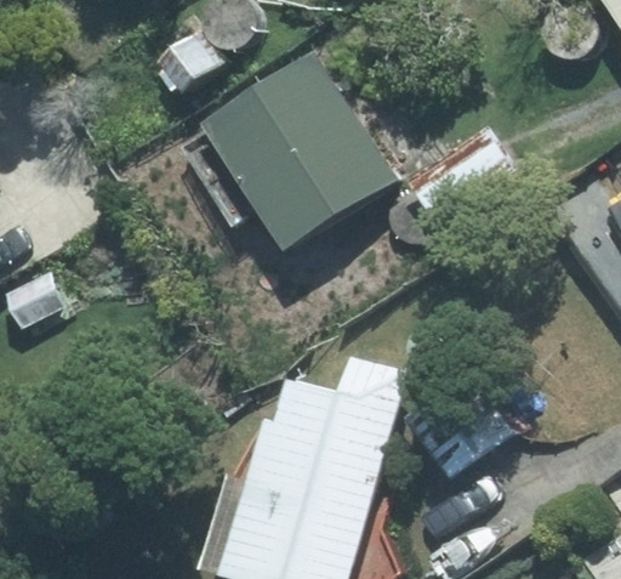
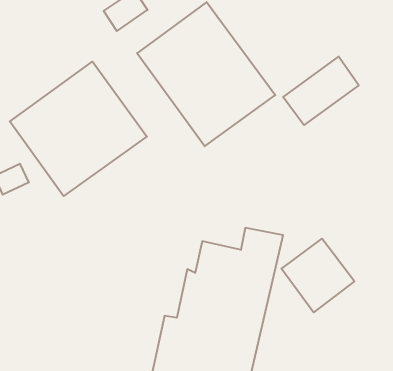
building: none -> [10,62,147,196]

